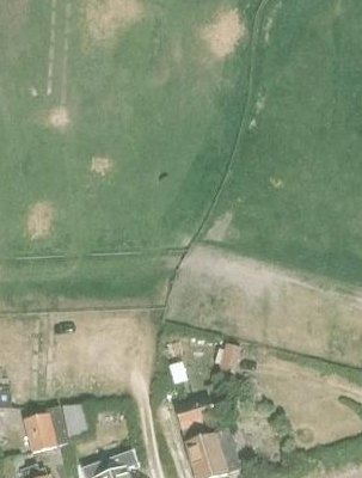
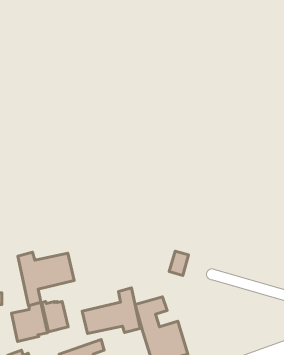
building: none -> [18,252,74,306]
building: none -> [82,288,140,334]

